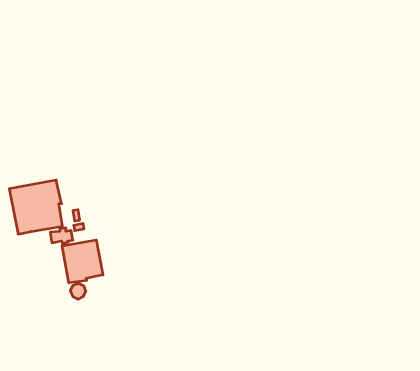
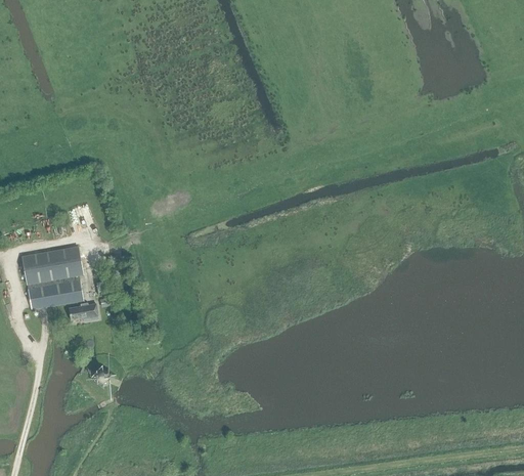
building: [62,240,103,283] -> none

